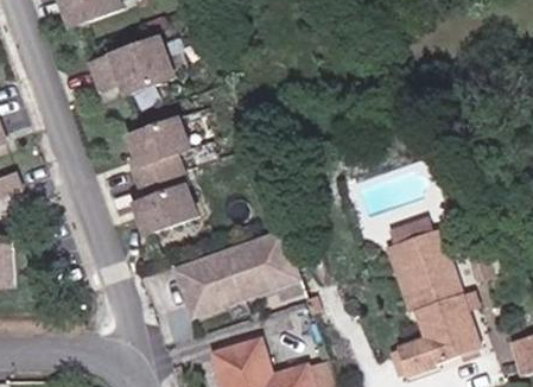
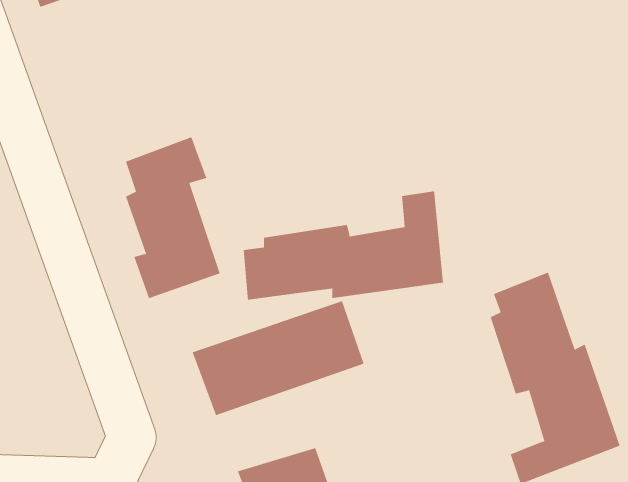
building: [88,36,170,91] -> none
building: none -> [243,190,444,301]

